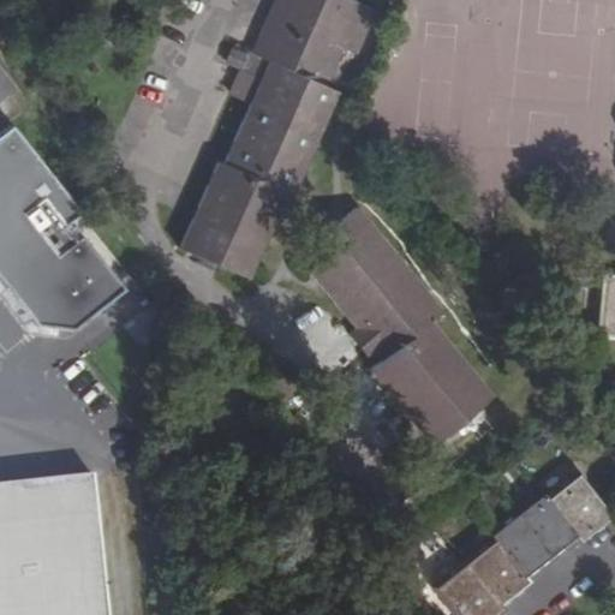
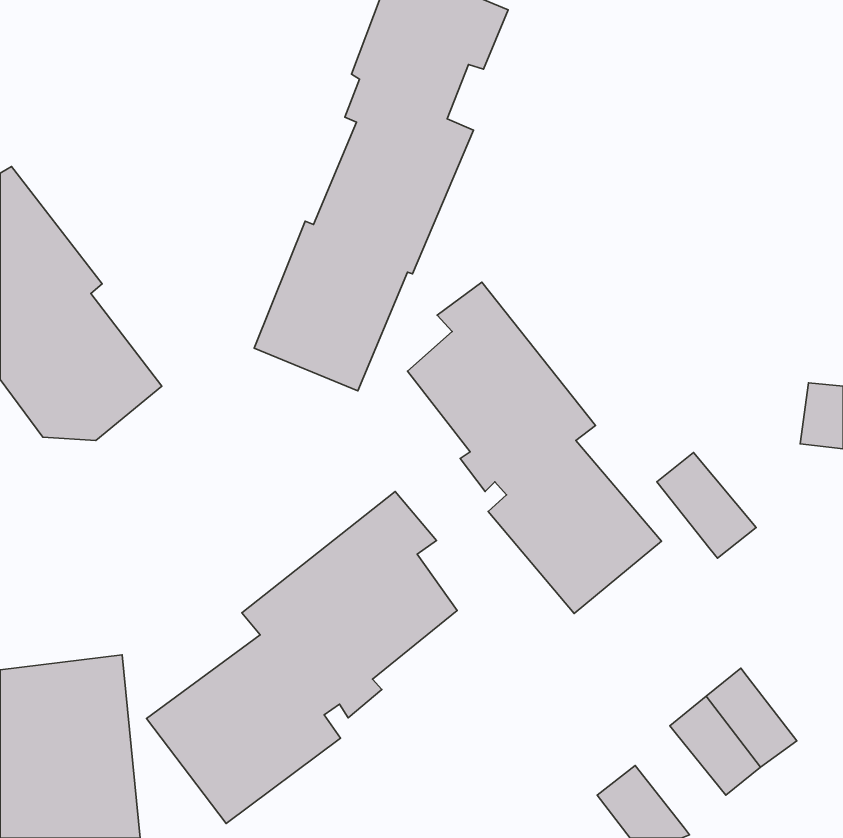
building: none -> [657,453,756,558]
building: none -> [146,491,457,823]
building: [544,468,609,539] -> none
building: [462,535,529,603] -> none

